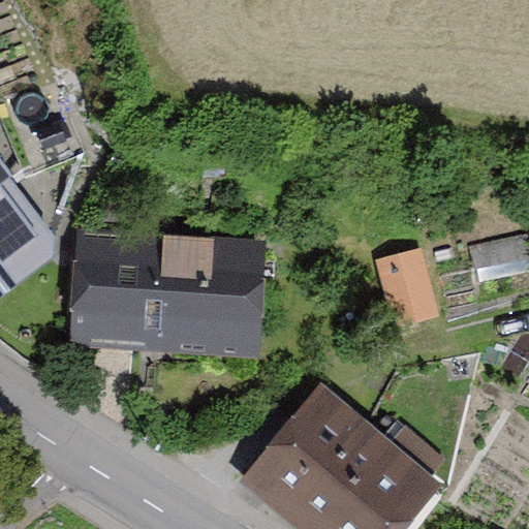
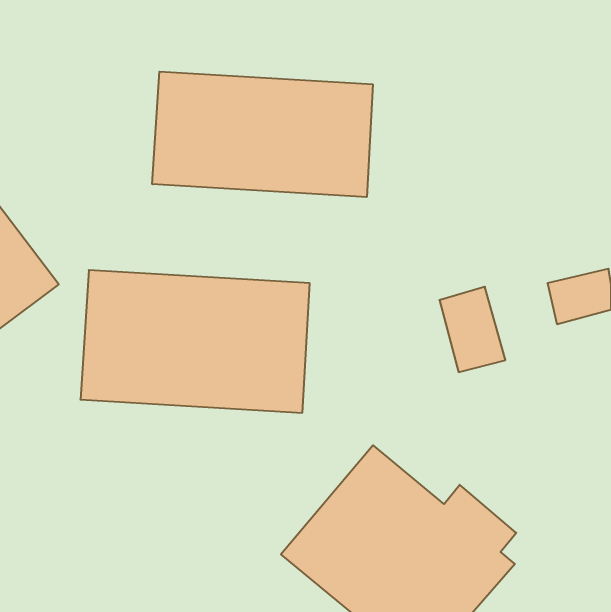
building: none -> [152,72,373,197]

